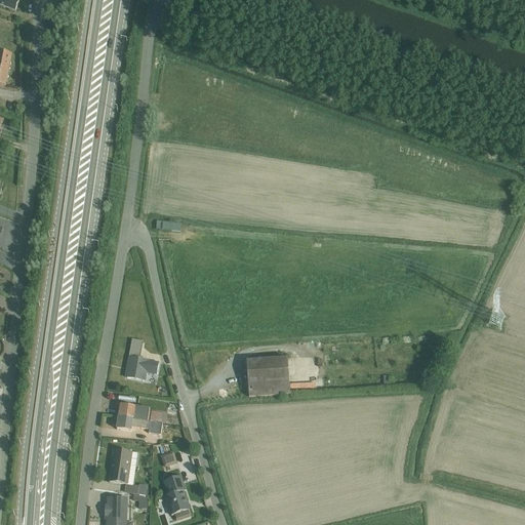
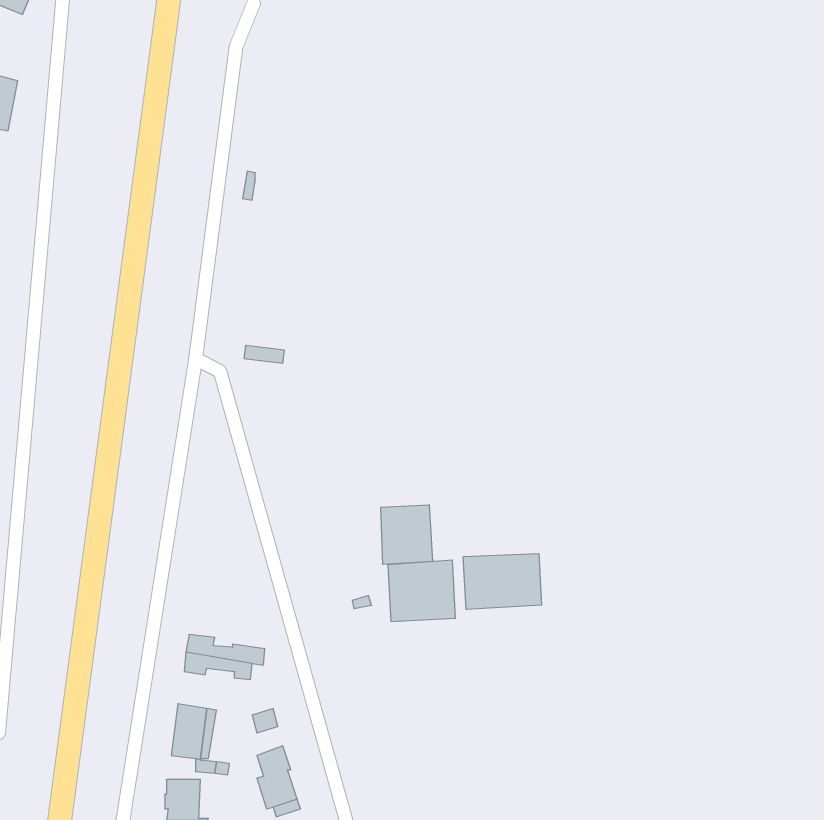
building: none -> [381,505,433,564]
building: [126,338,158,379] -> none
building: none -> [463,554,541,610]

